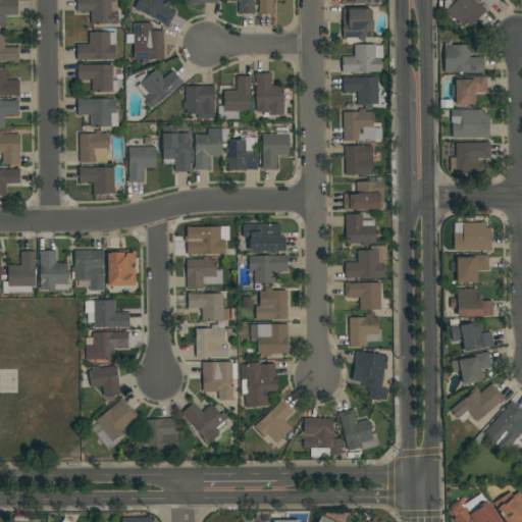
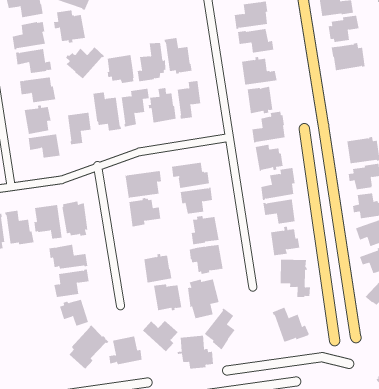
building: [451,142,491,172] -> none
building: [189,293,229,321] -> none
building: [299,418,342,458] -> [177,335,214,369]

